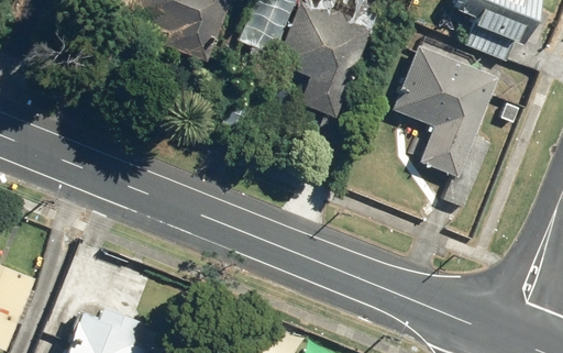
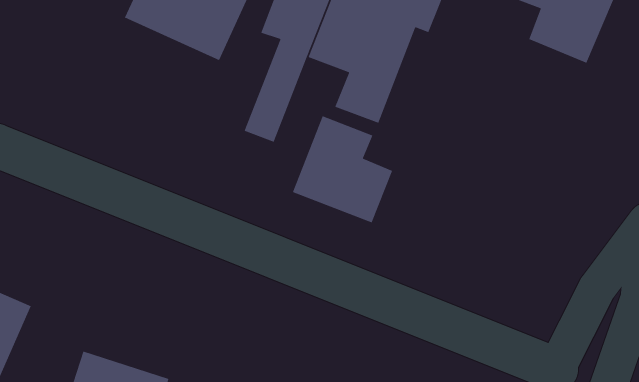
building: [388,45,497,206] -> none
building: none -> [292,115,393,223]

